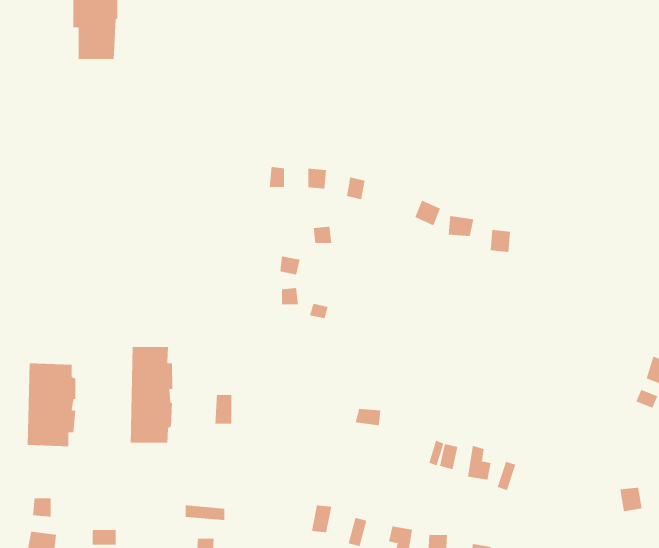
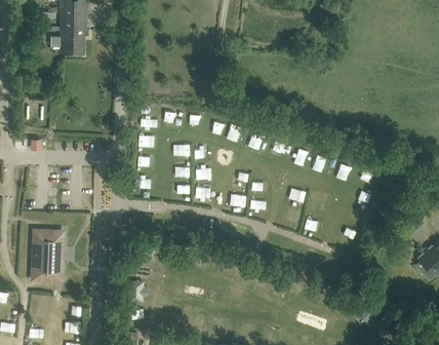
building: [130,346,173,443] -> none

